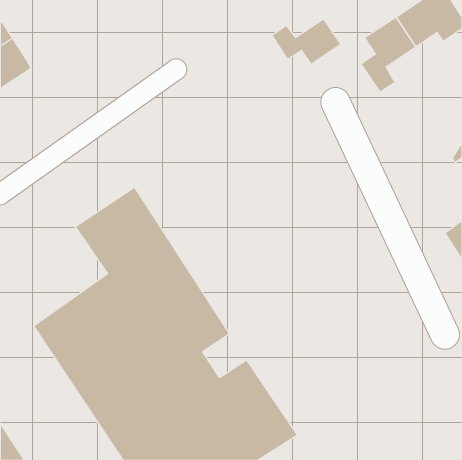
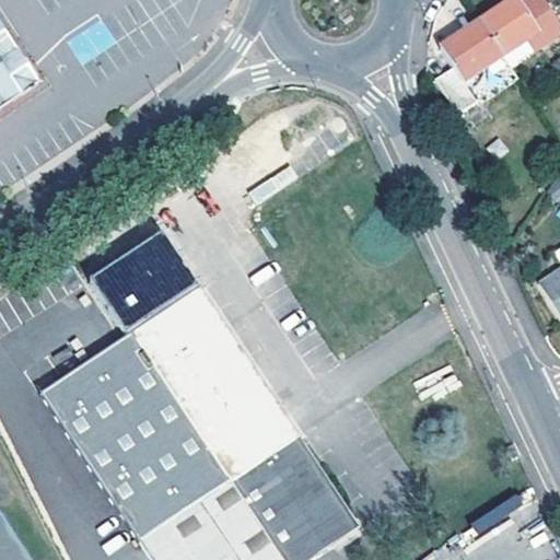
building: [272,19,341,64] -> none
building: none -> [245,404,299,457]

